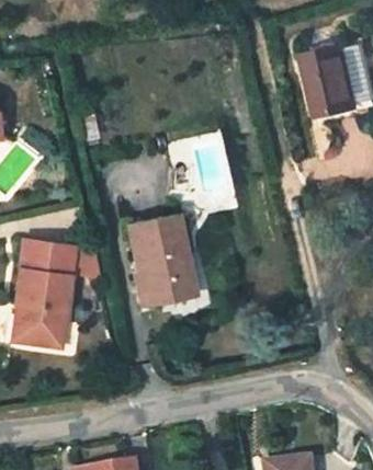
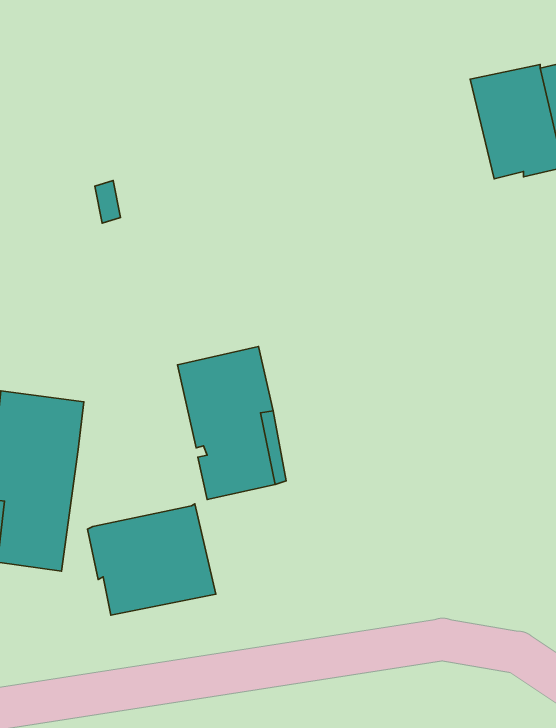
building: none -> [88,504,216,615]

